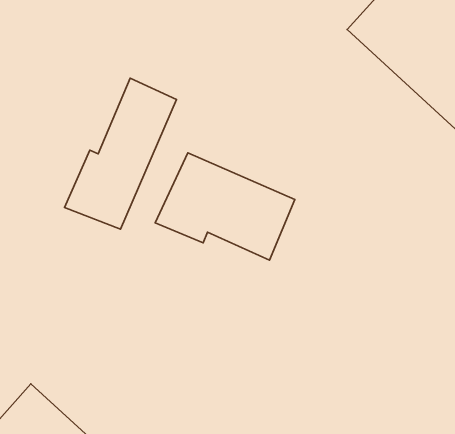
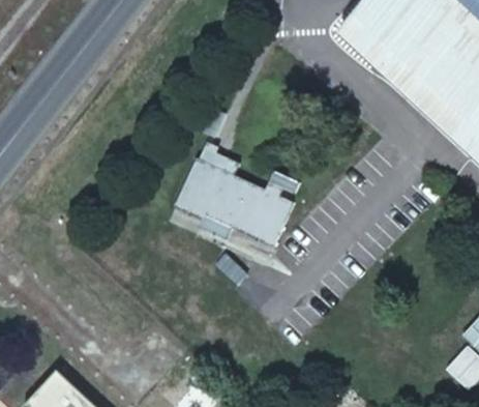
building: [64,78,177,229] -> none

